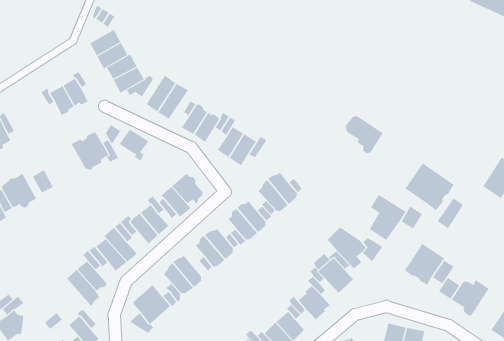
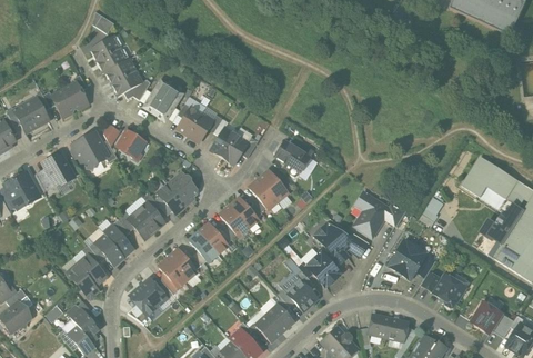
building: none -> [12,97,49,133]
building: [345,116,384,154] -> [273,141,310,178]
building: none -> [46,153,73,186]
building: [404,163,454,211] -> none

